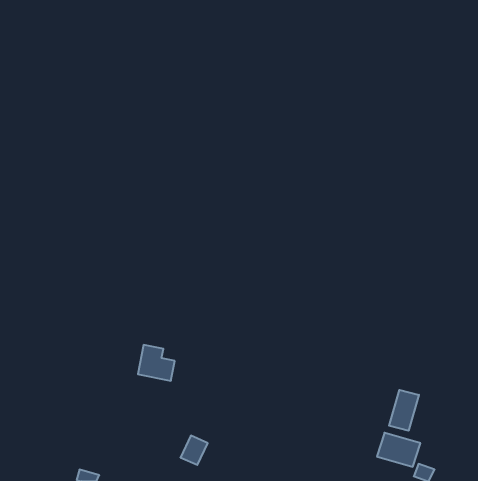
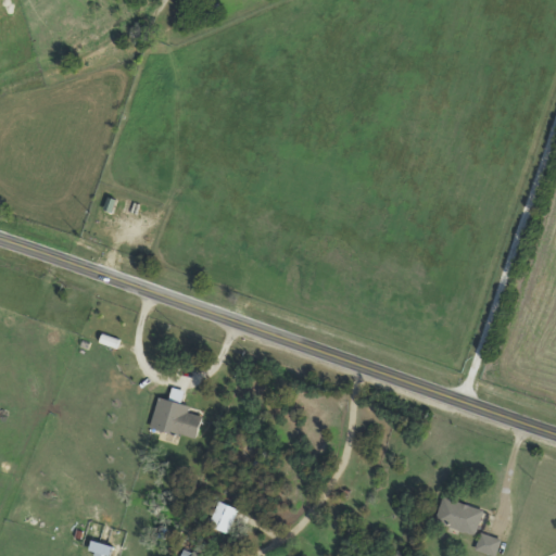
building: [389,390,419,431] -> none

